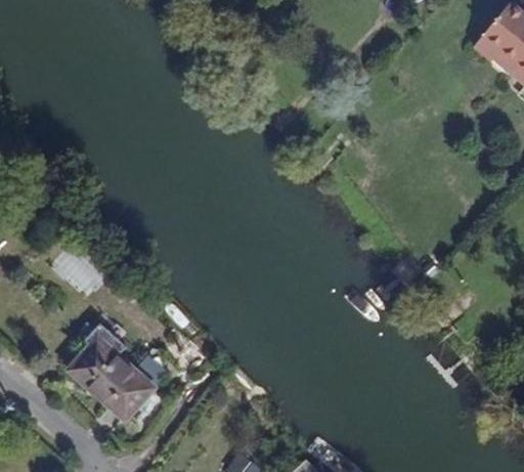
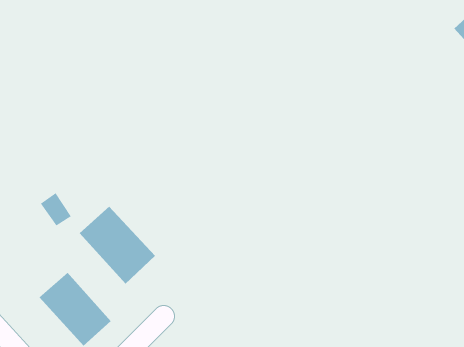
building: none -> [79,206,156,284]

